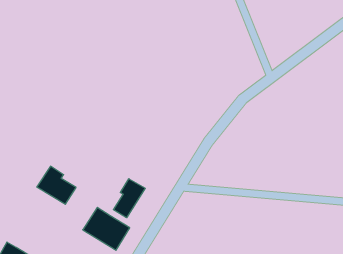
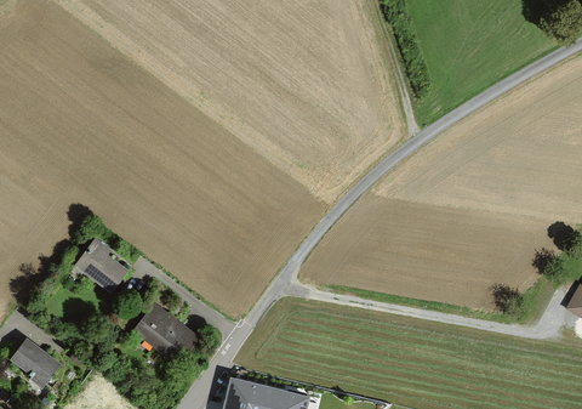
building: [113,179,145,218] -> none

